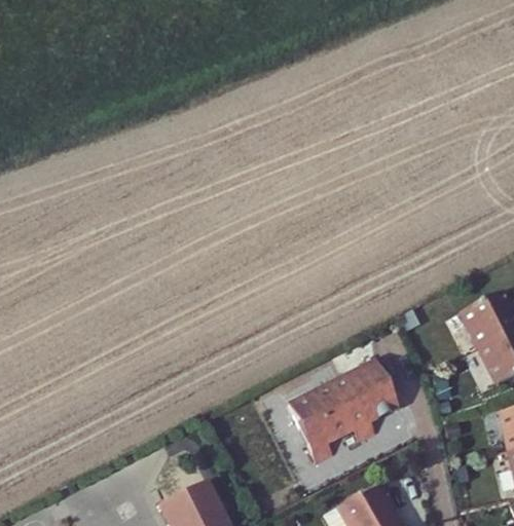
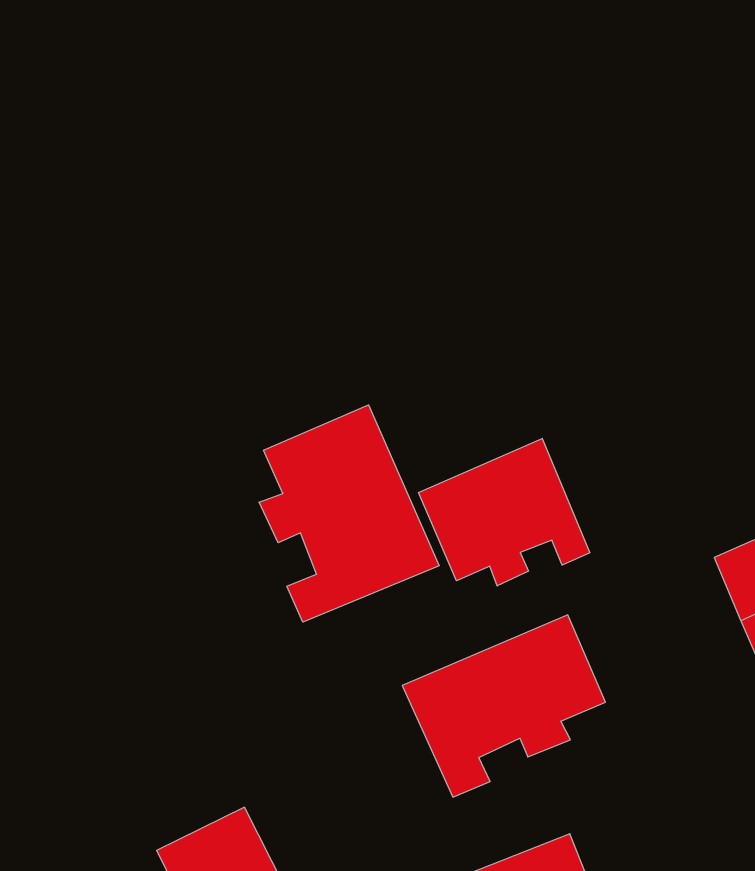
building: none -> [259,405,439,622]
building: none -> [418,438,590,586]

